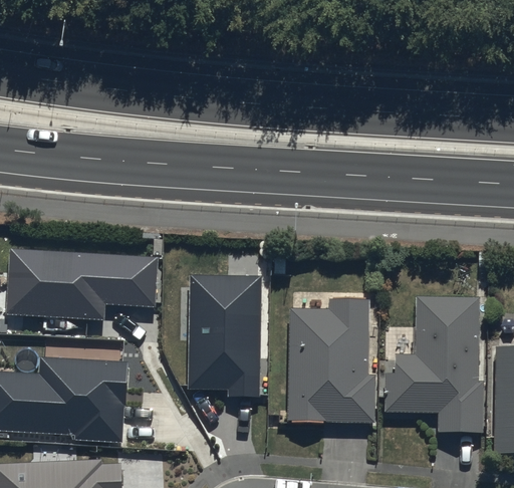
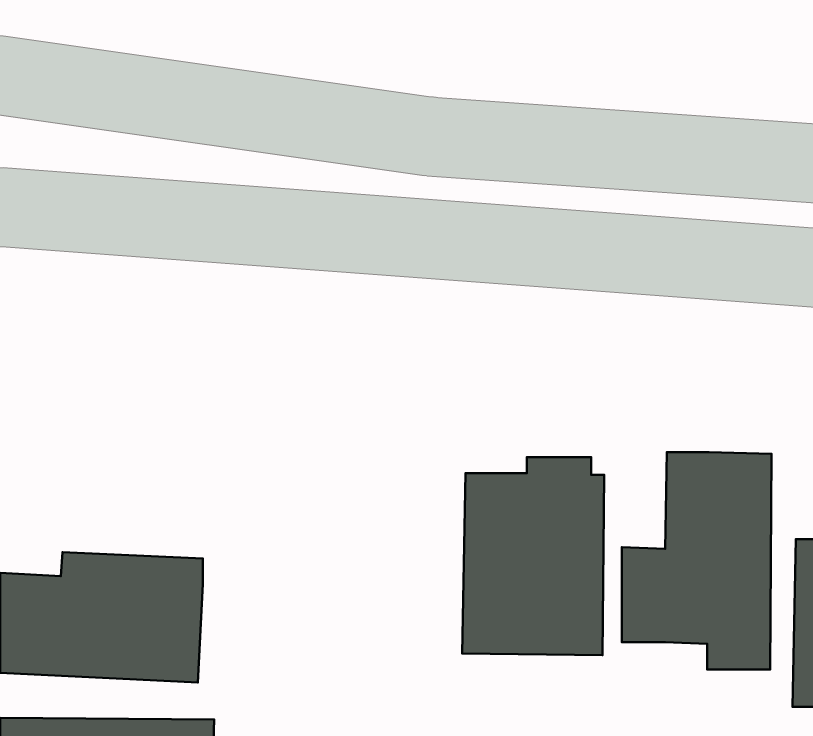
building: [8,250,158,321] -> none
building: [185,275,264,396] -> none

